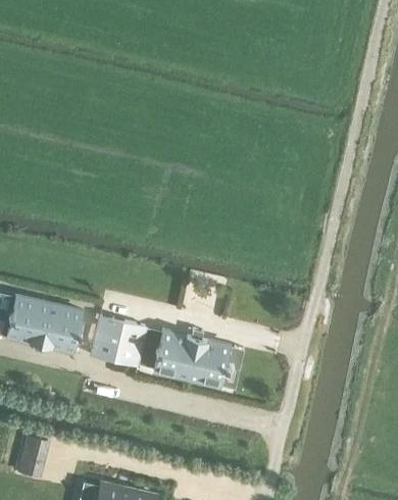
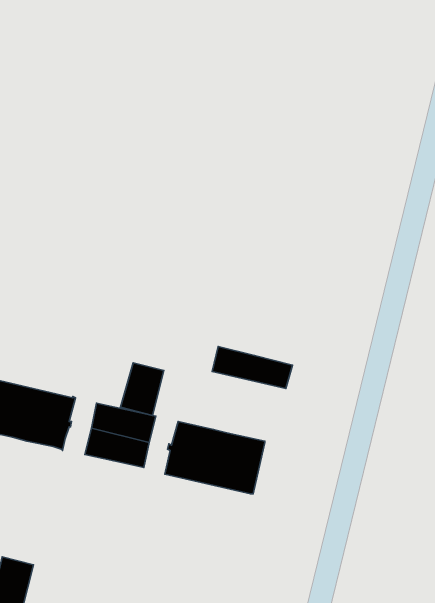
building: none -> [212,346,293,389]
building: none -> [121,363,164,416]

